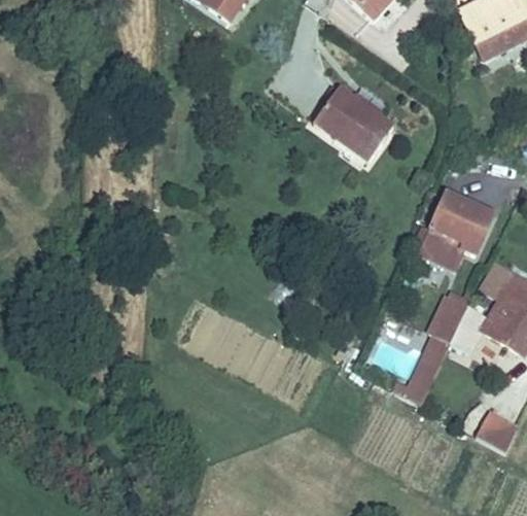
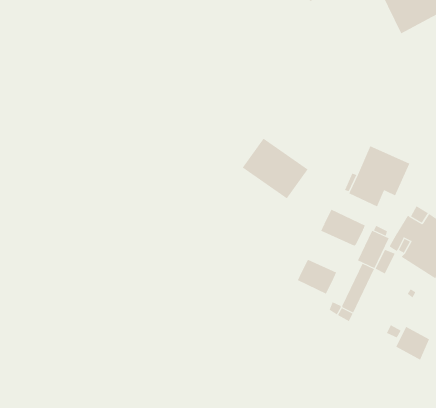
building: [313,85,393,160] -> [242,138,309,199]
building: none -> [321,209,366,247]
building: none -> [297,259,337,294]

